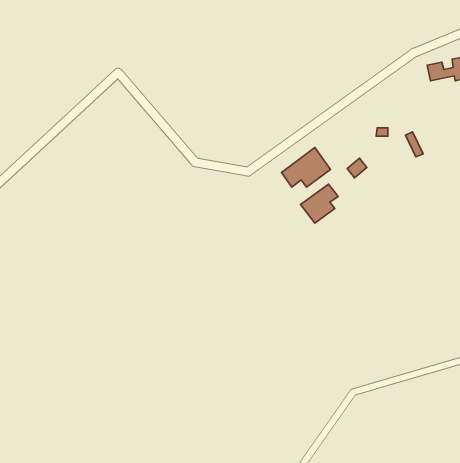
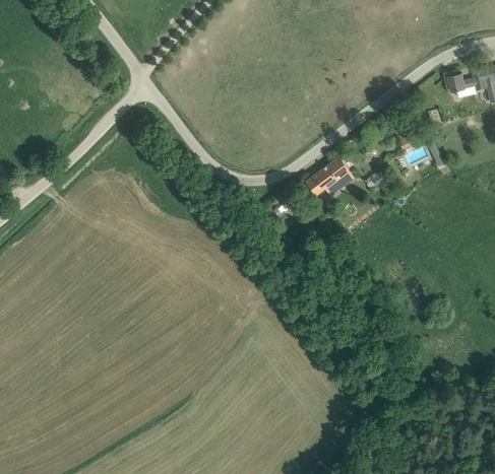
building: [300,184,338,223] -> none

